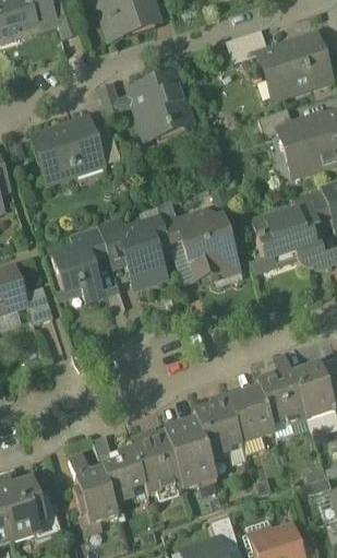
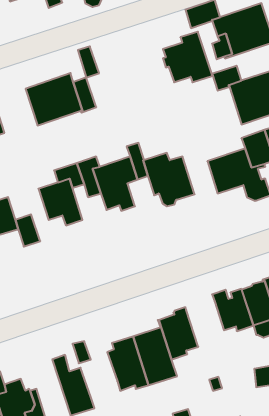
building: [133,72,192,132] -> [163,32,213,82]
building: [227,389,274,442] -> none
building: [101,449,145,502] -> none

